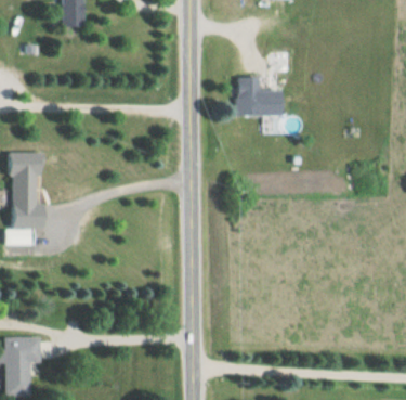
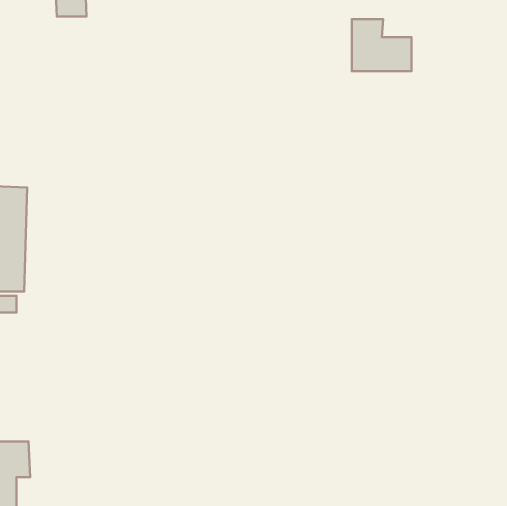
building: [237,77,280,115] -> [352,19,411,71]

